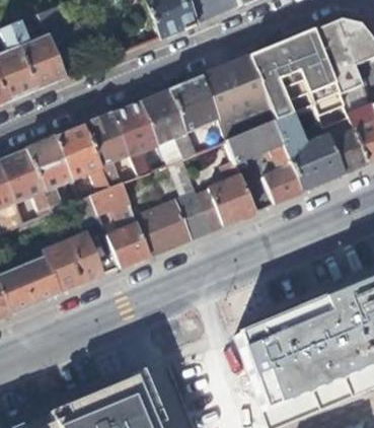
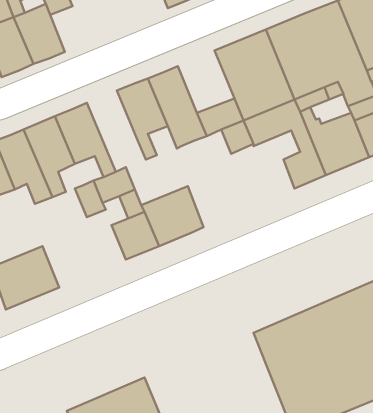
building: [168,76,220,133] -> none
building: [85,113,131,187] -> none
building: [171,158,213,237] -> none
building: [210,173,257,223] -> none
building: [44,232,102,292] -> none

